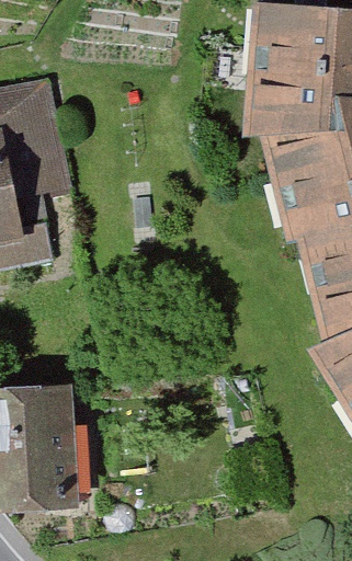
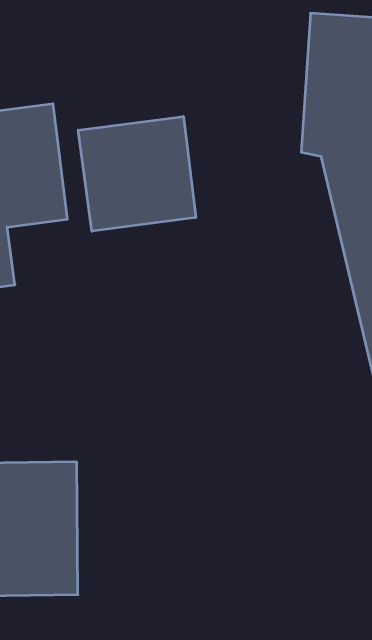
building: none -> [78,116,196,231]

